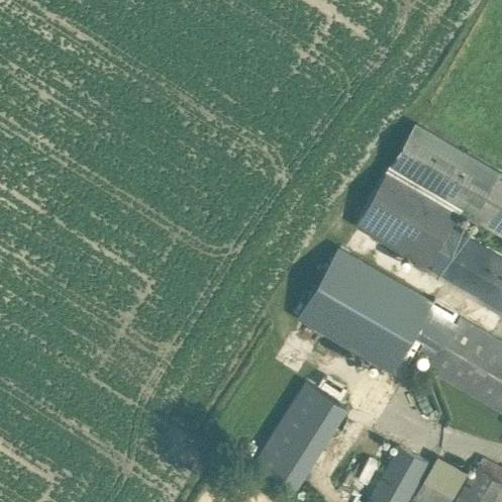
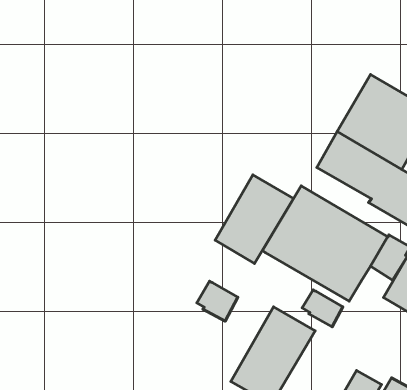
building: none -> [215,175,293,264]
building: none -> [197,281,238,321]
building: none -> [302,290,343,327]

